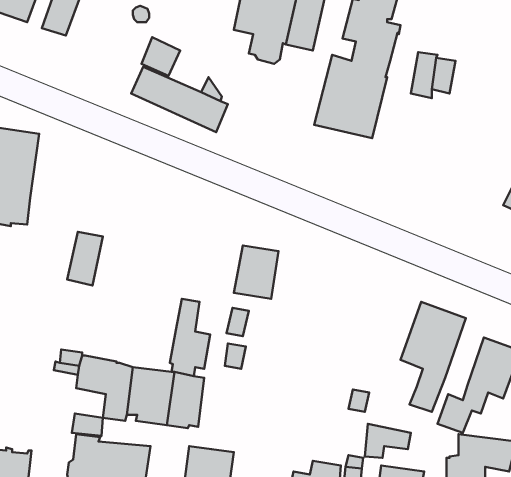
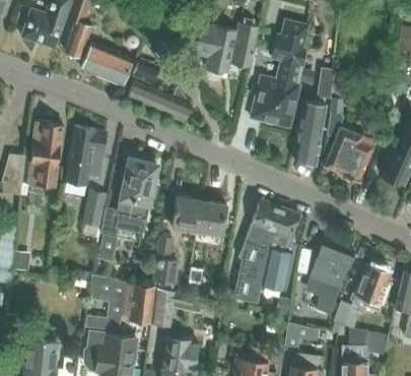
building: none -> [81,42,133,85]
building: none -> [324,99,376,181]
building: none -> [296,102,327,165]
building: none -> [65,126,107,184]
building: none -> [97,158,157,262]
building: none -> [172,196,202,233]
building: none -> [233,200,298,303]

